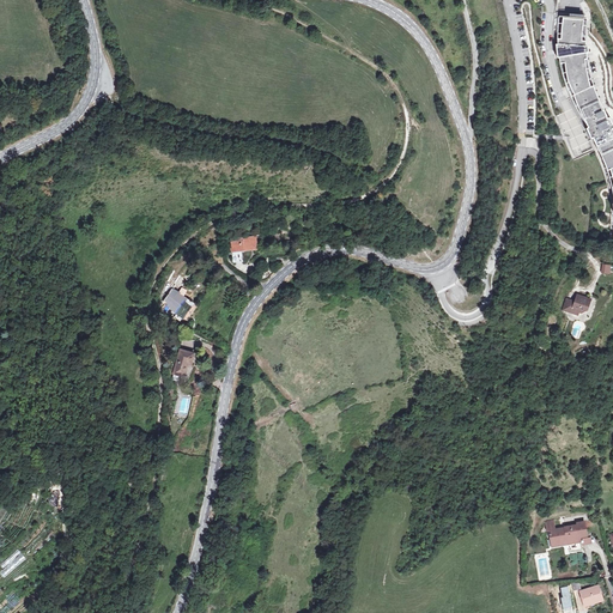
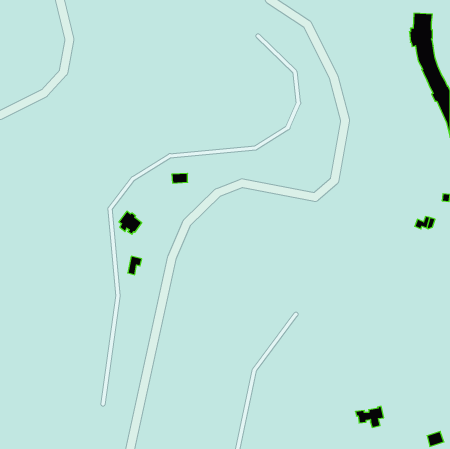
building: [548,522,587,551] -> [355,406,384,427]

